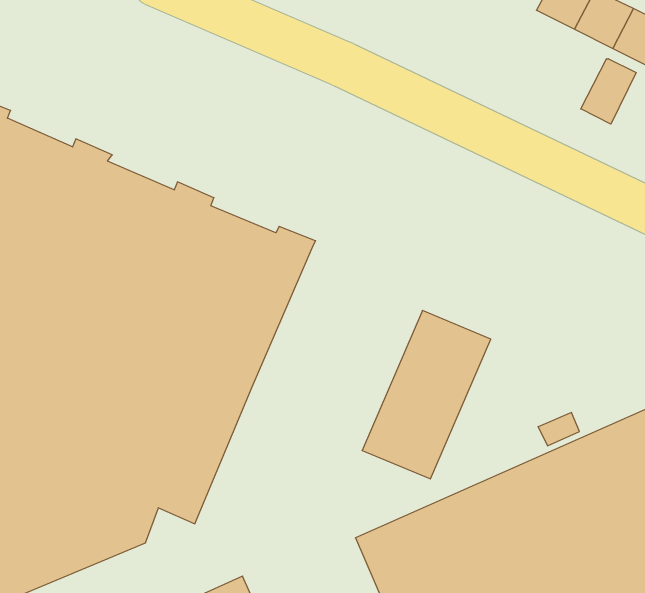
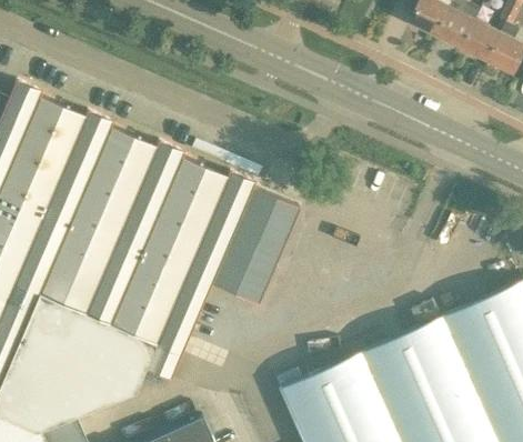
building: [581,59,636,124] -> none
building: [362,310,491,479] -> [209,185,299,303]

